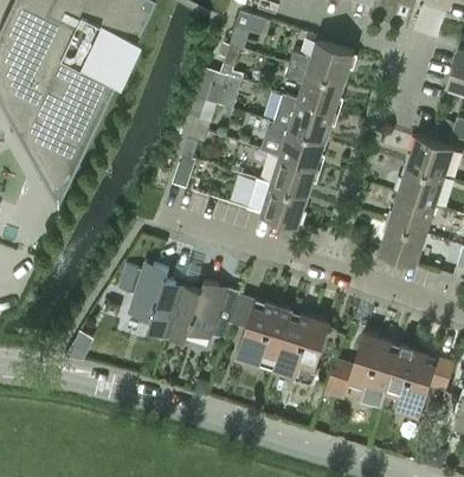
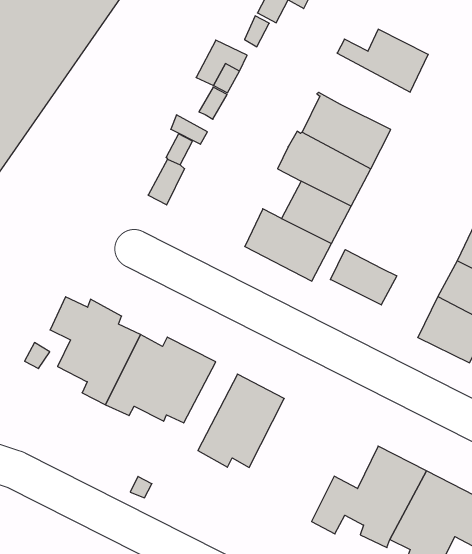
building: [284,63,344,110] -> none
building: none -> [330,250,397,305]
building: [272,310,328,383] -> none

